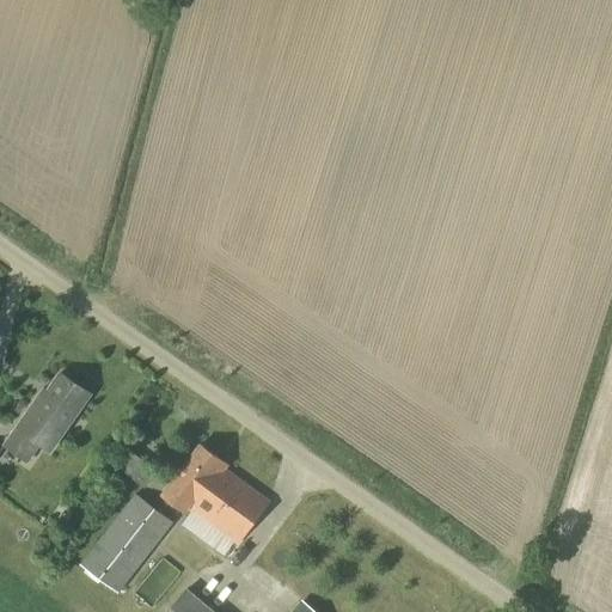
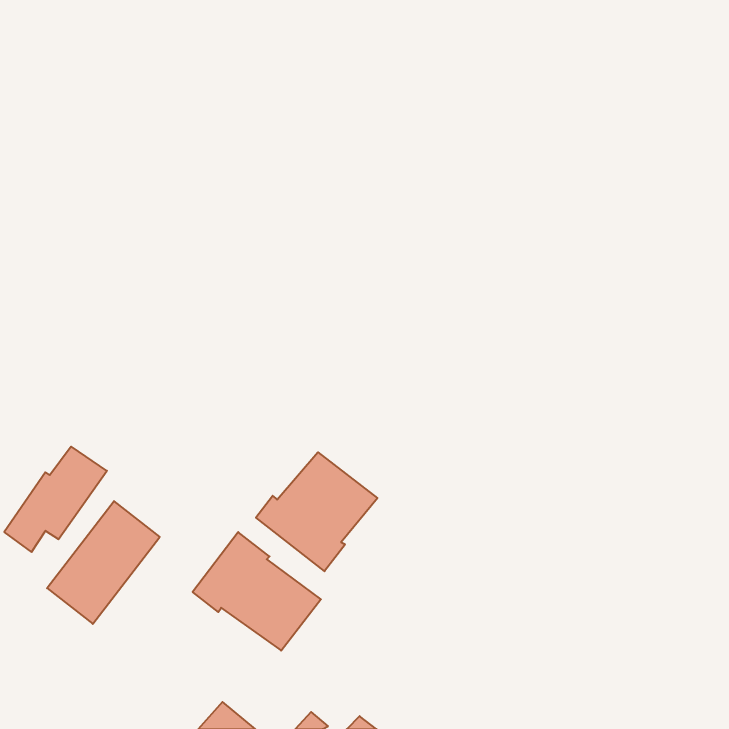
building: none -> [256,452,377,571]
building: [79,494,173,596] -> [47,501,160,624]

